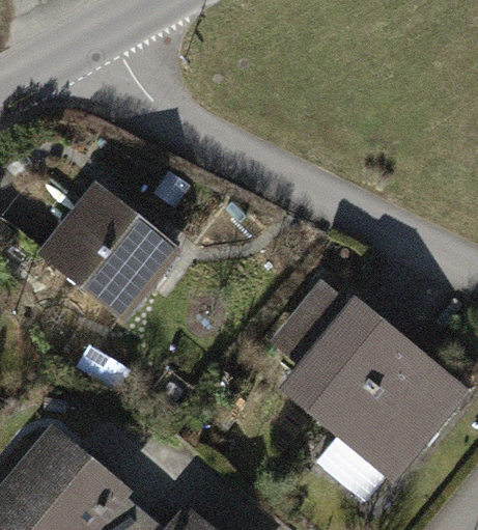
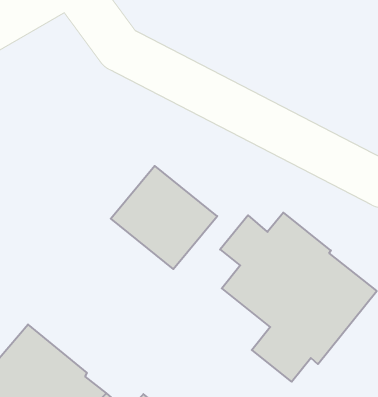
building: [47,191,172,312] -> [111,166,217,269]

